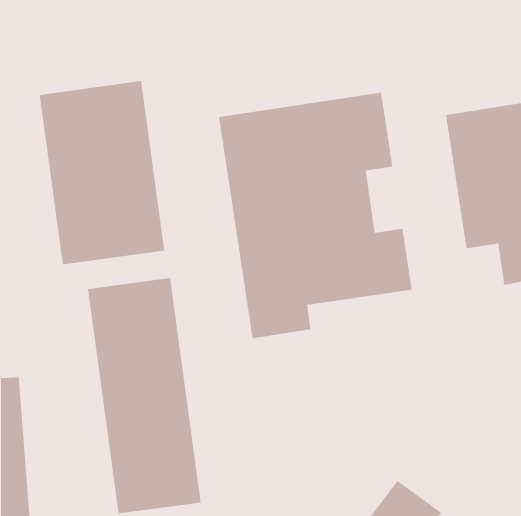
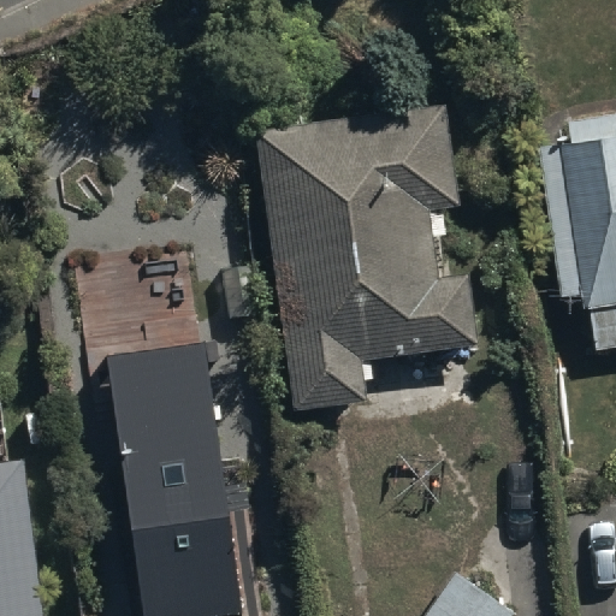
building: [39,80,165,265] -> none

